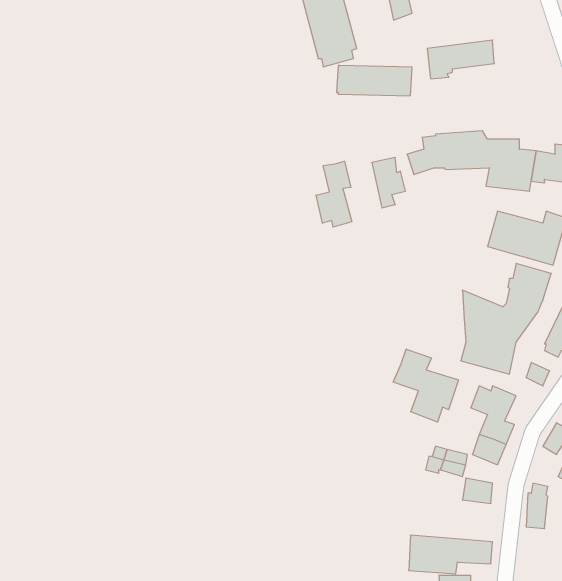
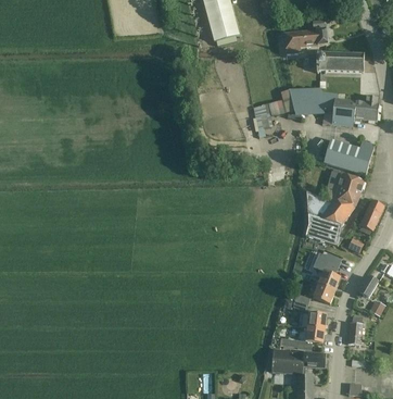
building: [337,66,412,96] -> [315,52,364,72]
building: [316,161,352,227] -> none
building: [393,349,459,422] -> none
building: none -> [279,326,325,349]

